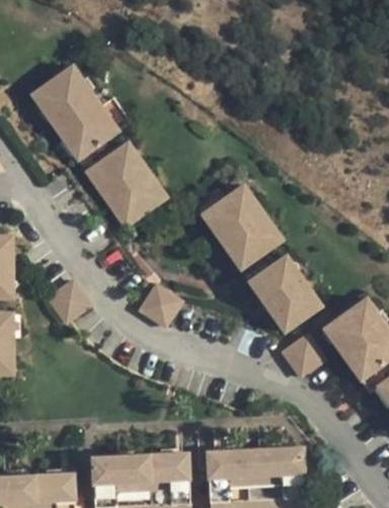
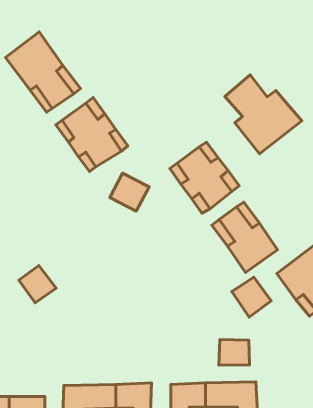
building: none -> [225,75,302,154]
building: [49,275,90,316] -> [19,265,56,303]
building: [141,279,184,321] -> [110,173,149,211]
building: none -> [219,340,249,365]

